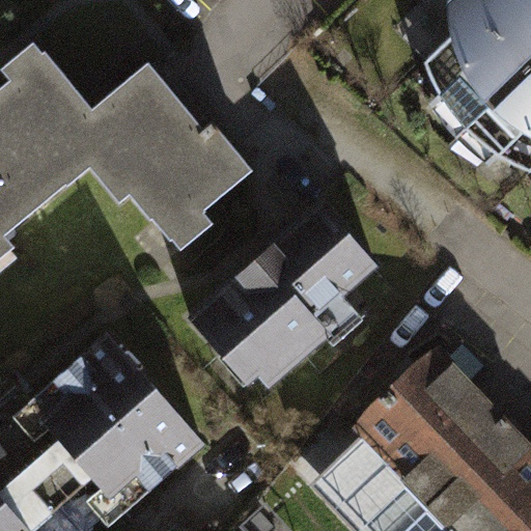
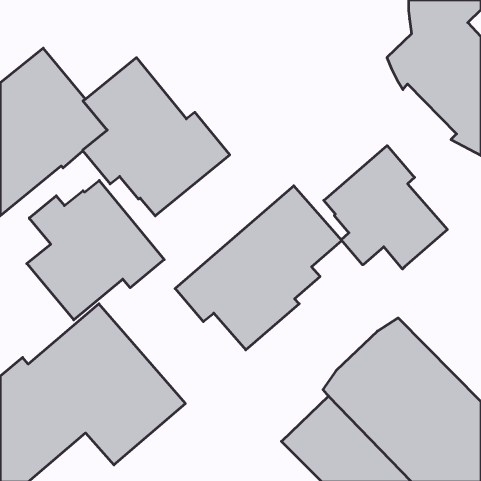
building: none -> [324,146,447,269]
building: none -> [27,180,164,320]

